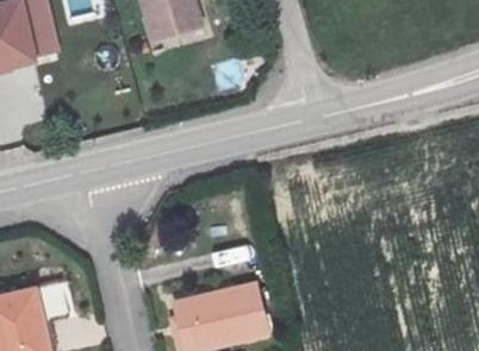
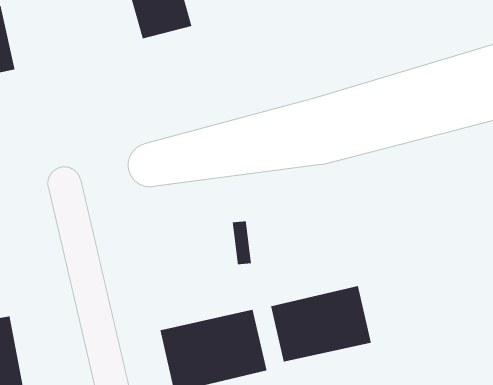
building: none -> [270,285,372,363]

